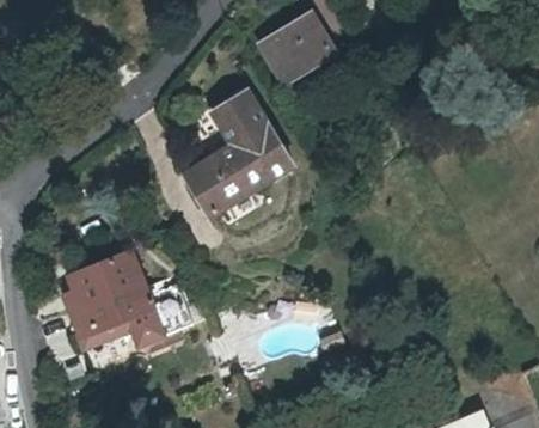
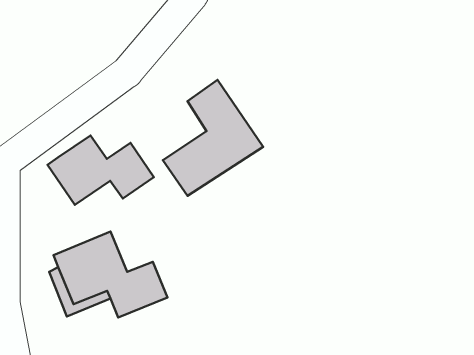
building: [262,22,329,84] -> none
building: none -> [48,136,154,205]

